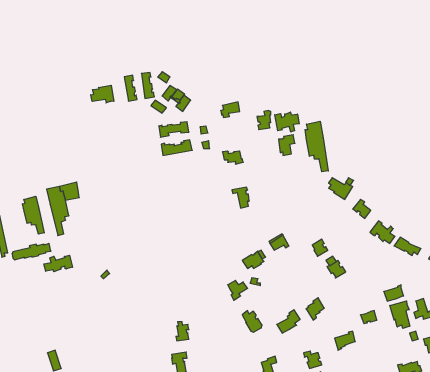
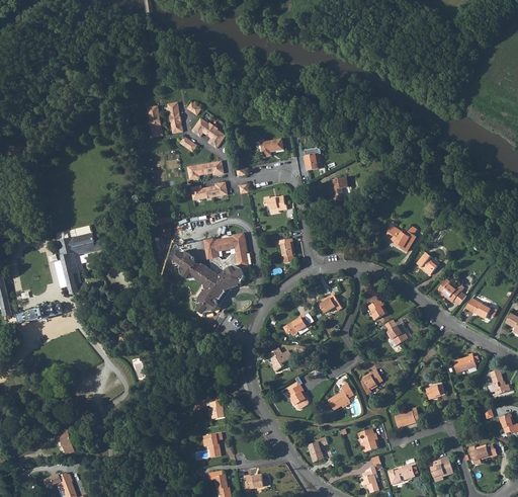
building: [91,85,114,103] -> none
building: [275,112,299,132] -> none
building: [305,121,328,172] -> none
building: none -> [174,233,246,314]
building: [23,196,44,234] -> none
building: [44,255,73,272] -> none
building: [390,301,410,328] -> none

